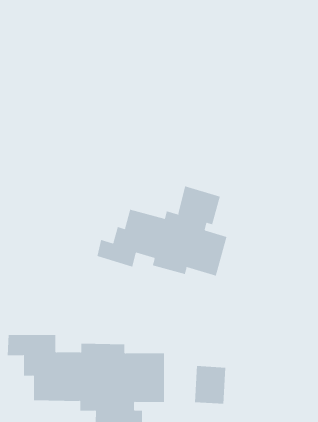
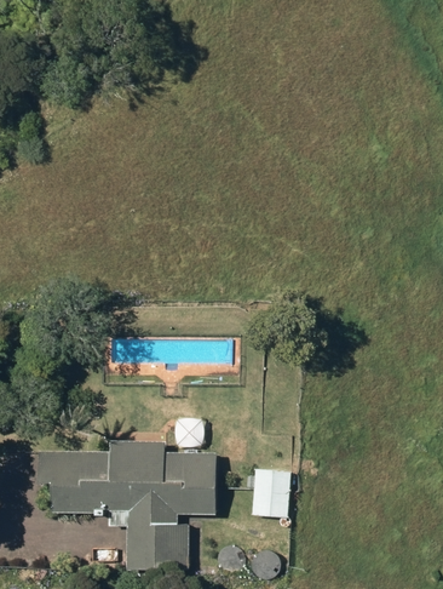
building: [97,185,227,277] -> none

